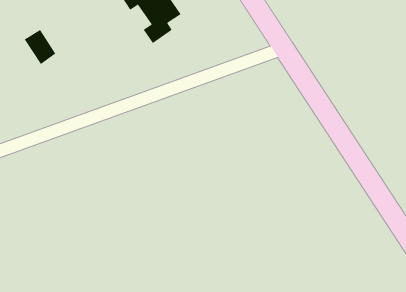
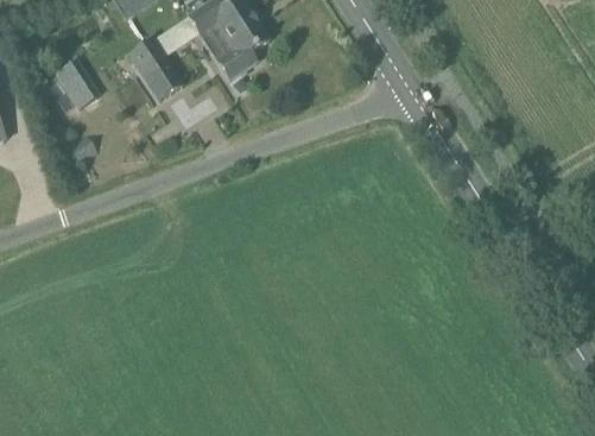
building: none -> [124,40,177,101]

